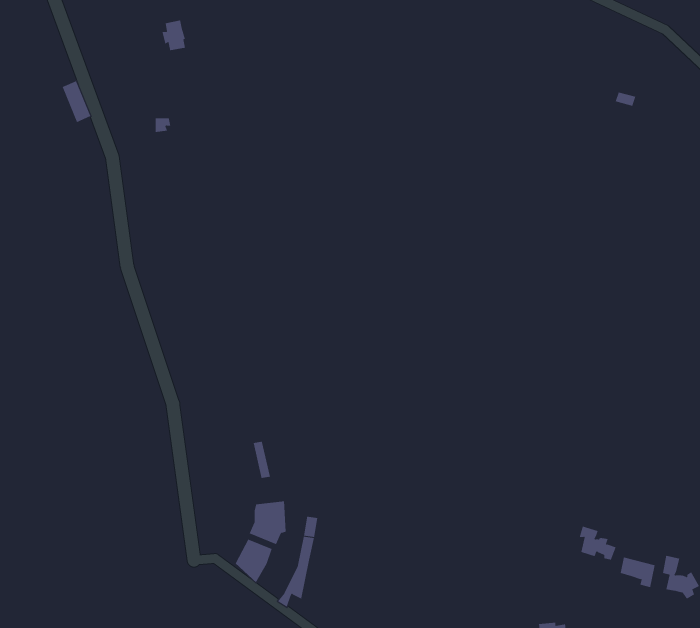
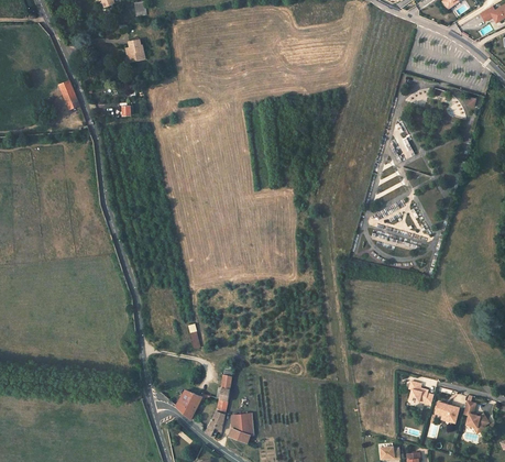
building: [249,501,286,545] -> [227,414,252,443]

